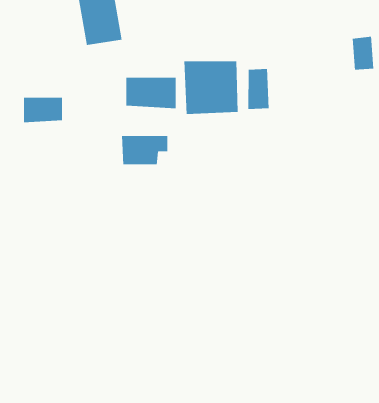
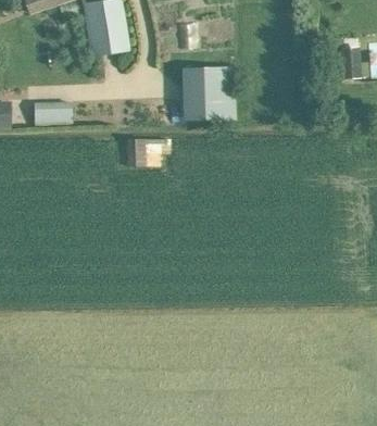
building: [248,68,269,110] -> none
building: [126,77,176,109] -> none

